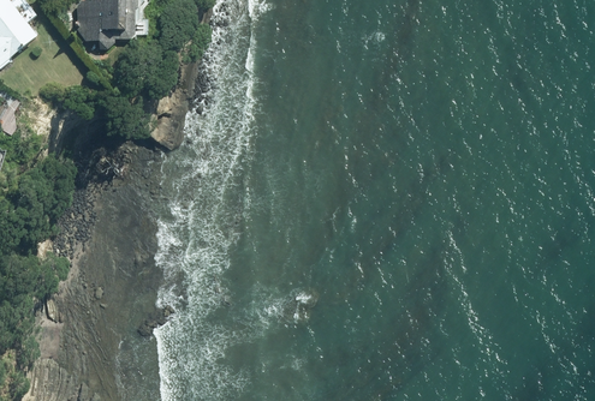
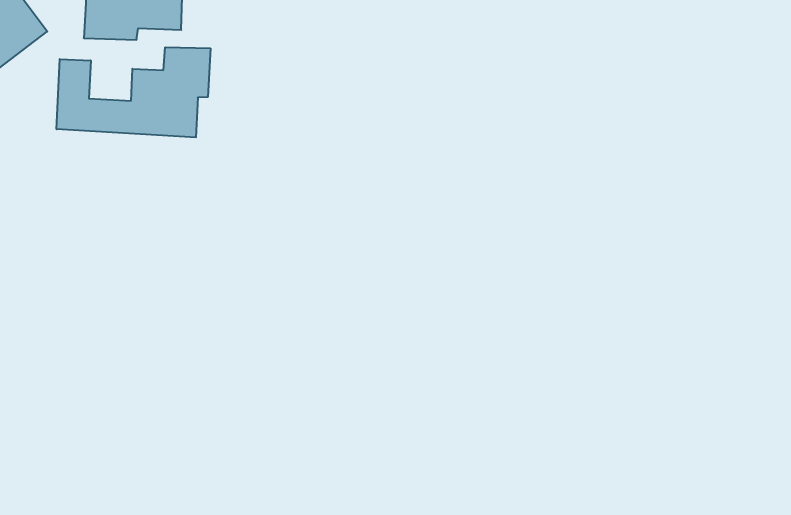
building: none -> [57,47,210,137]

